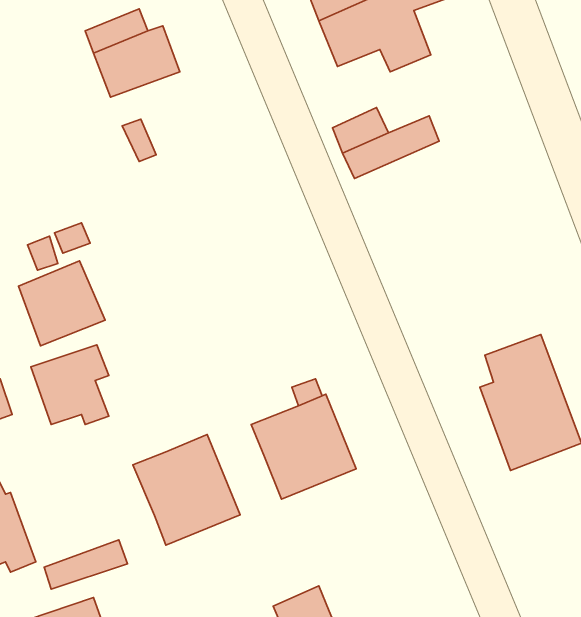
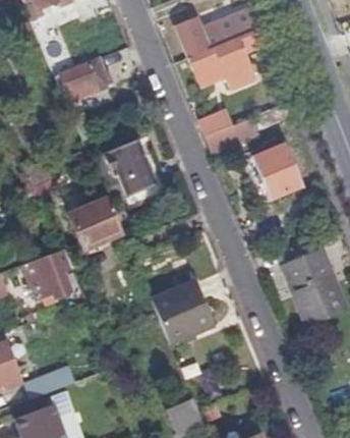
building: none -> [104,142,155,199]
building: none -> [256,143,306,200]
building: [19,261,105,346] -> [70,196,122,247]
building: [133,434,240,545] -> none

